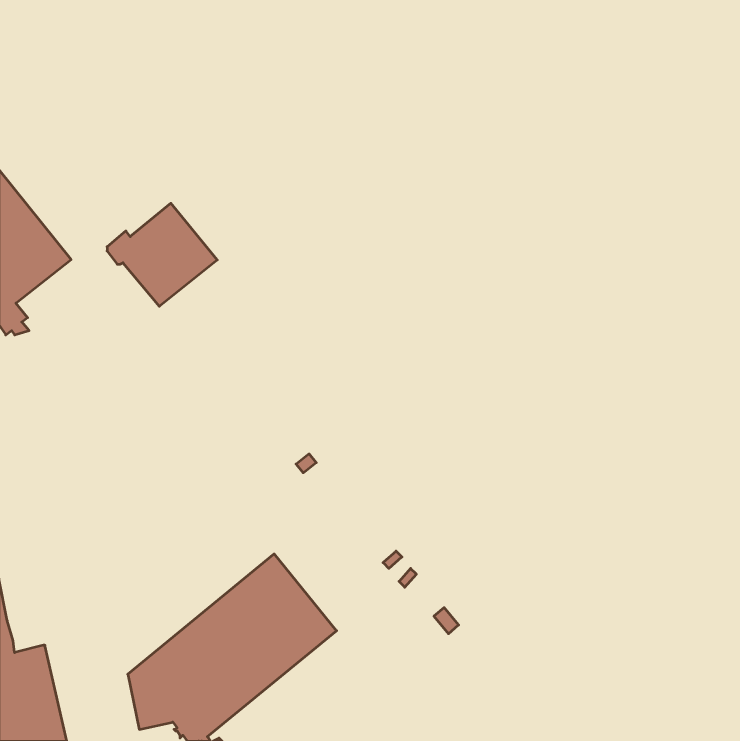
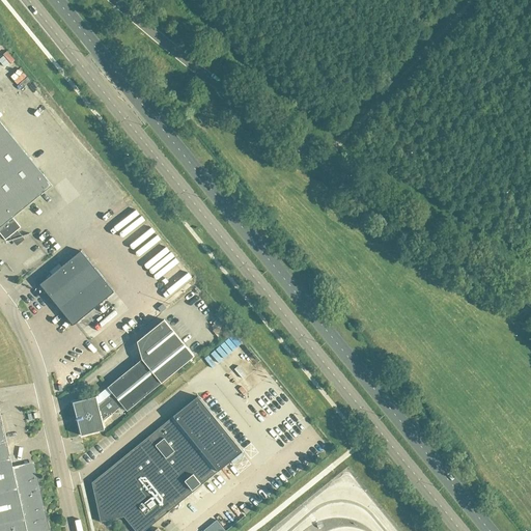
building: [107,203,217,306] -> [34,251,113,325]
building: none -> [72,319,193,436]

